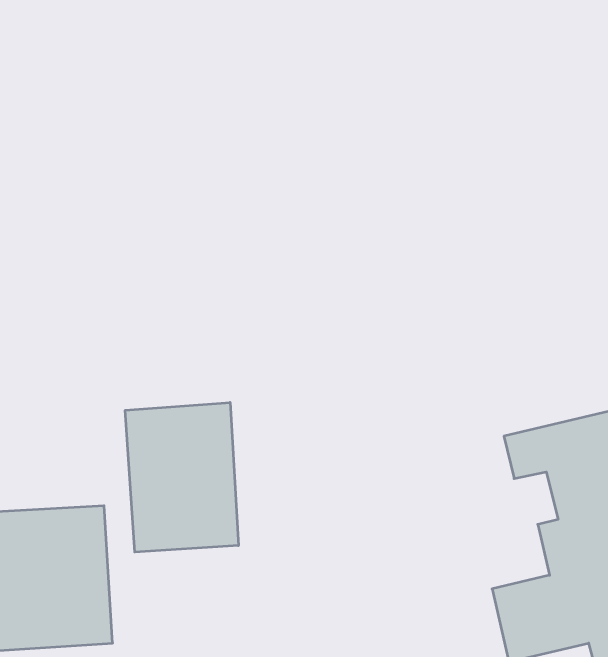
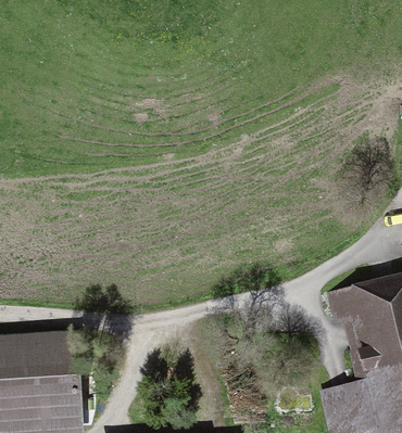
building: [125,402,238,552] -> none

